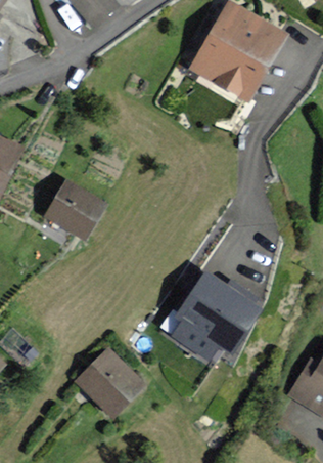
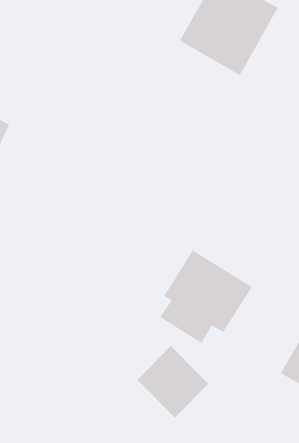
building: [43,180,106,240] -> none
building: [73,347,144,419] -> [136,345,209,418]

